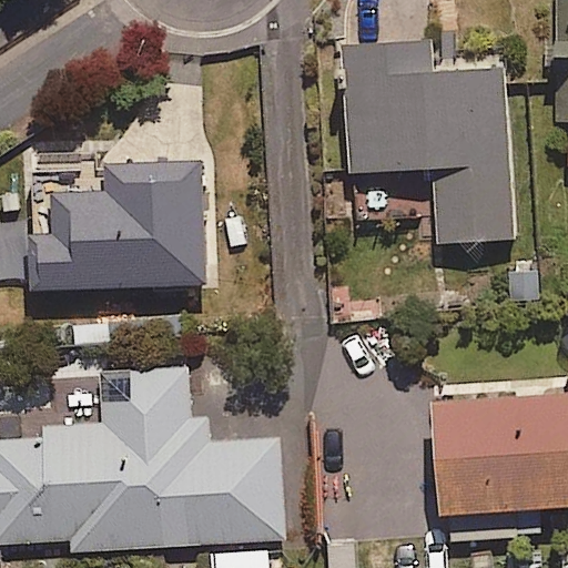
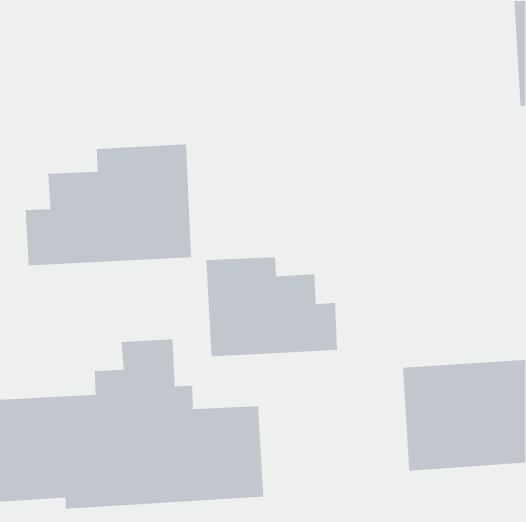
building: [344,39,514,243] -> none
building: none -> [205,257,338,357]

